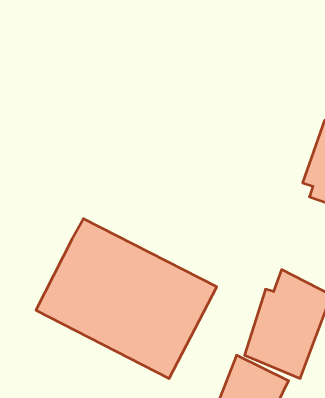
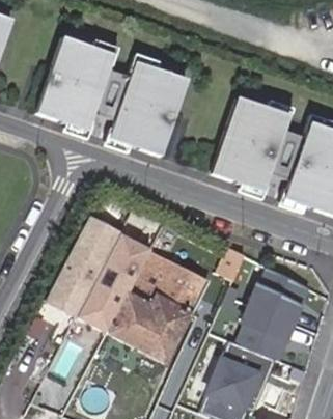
building: none -> [38,36,113,127]
building: none -> [110,64,185,153]
building: none -> [211,95,284,186]

